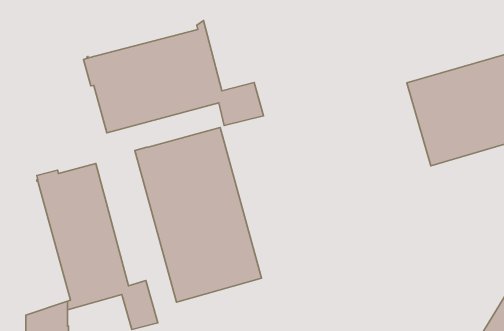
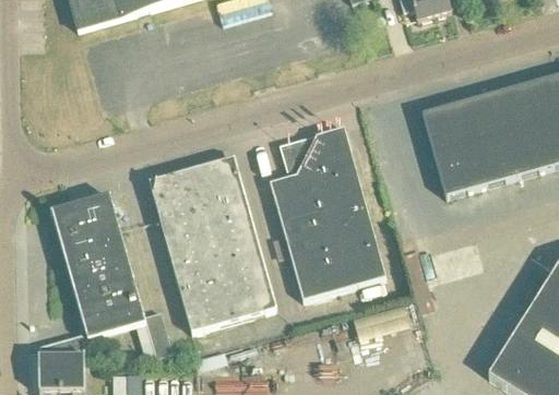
building: [84,20,263,133] -> none
building: none -> [270,125,386,299]

